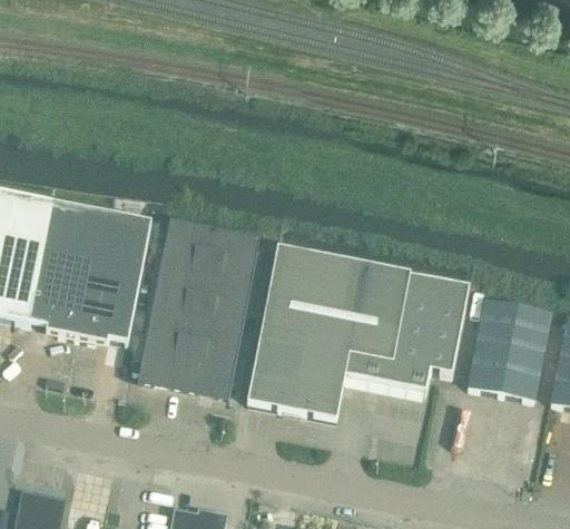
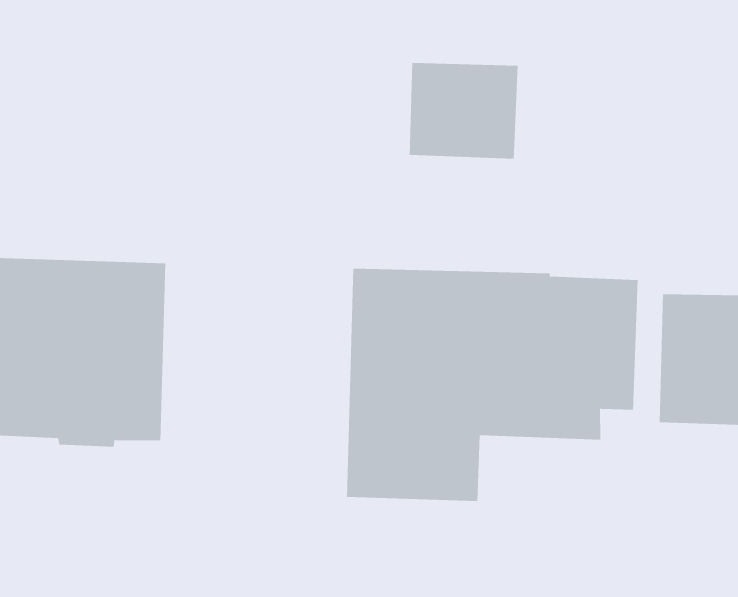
building: none -> [409,62,518,160]
building: [139,219,261,394] -> none

